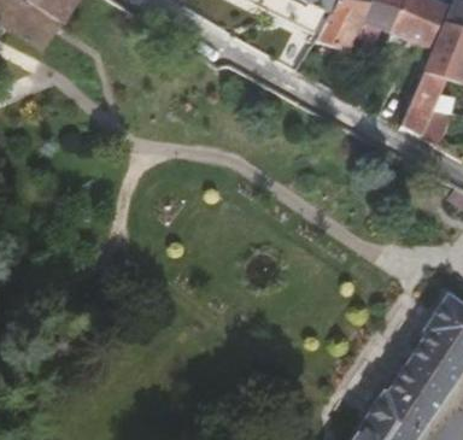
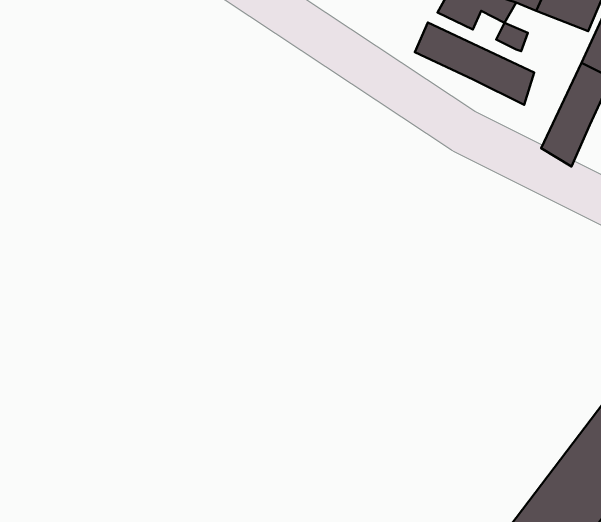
building: none -> [415,22,534,105]

